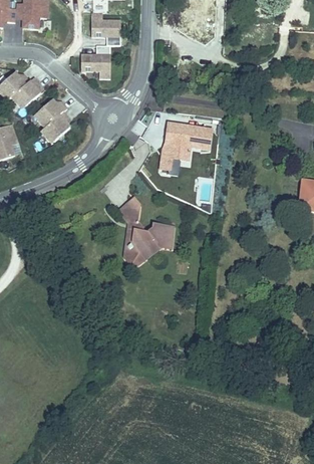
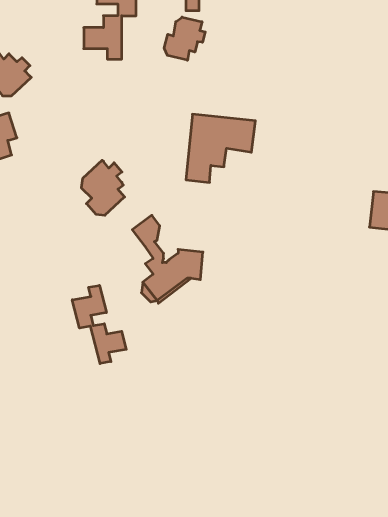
building: none -> [164,17,205,60]
building: [36,99,69,142] -> [81,160,125,215]
building: none -> [72,285,126,364]

